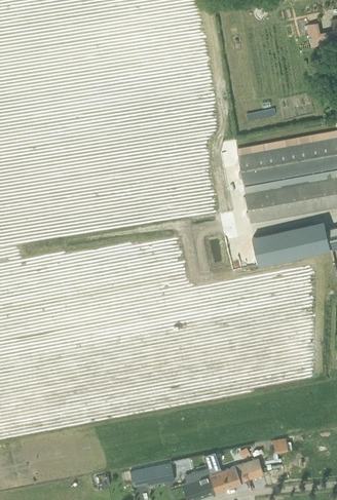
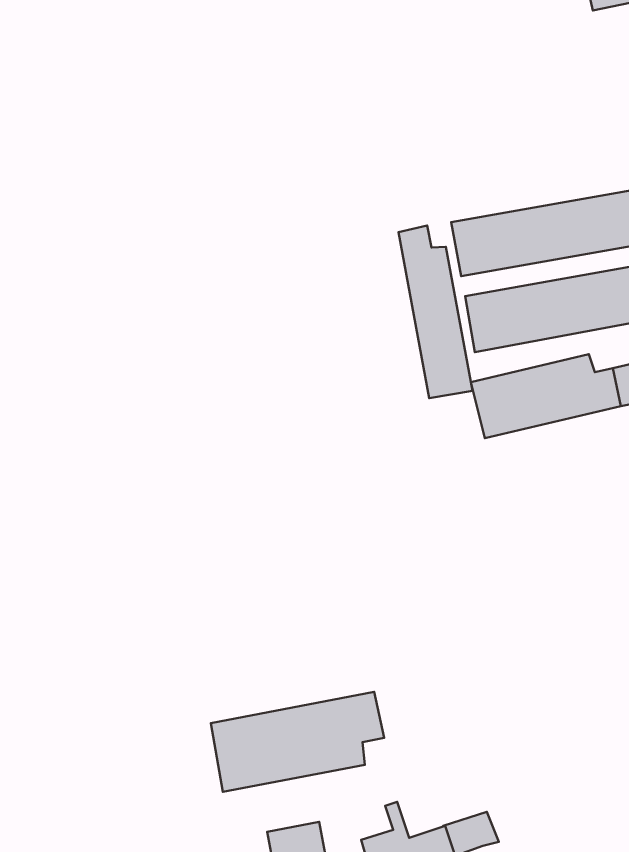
building: none -> [398,226,473,398]
building: none -> [211,692,384,792]

